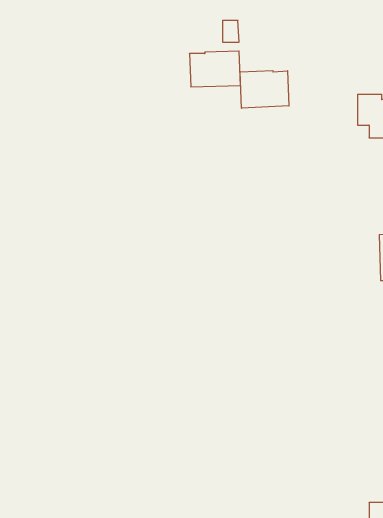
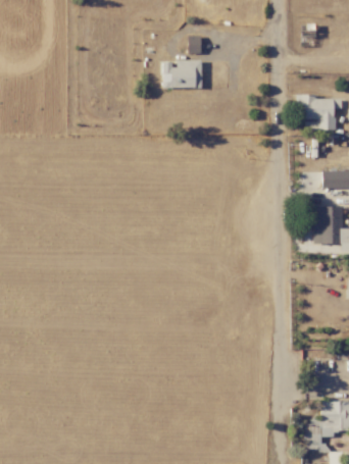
building: [240,71,289,108] -> none

